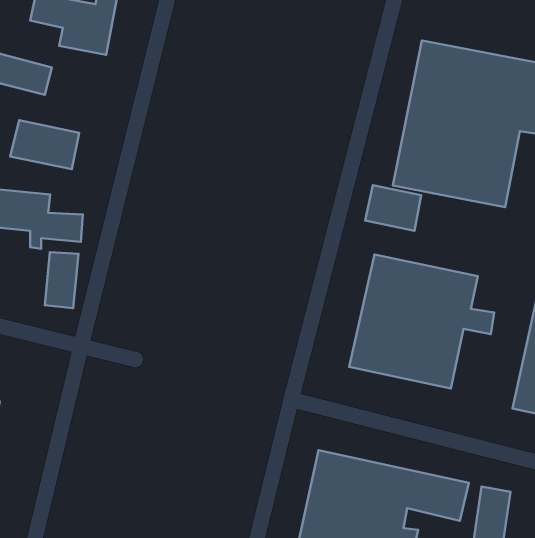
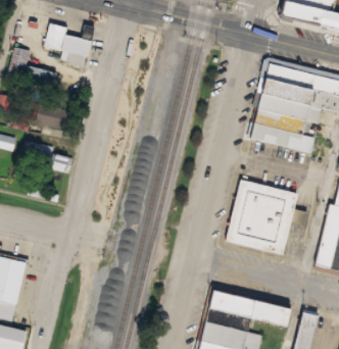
building: [365,185,421,231] -> none
building: [45,252,79,308] -> none

